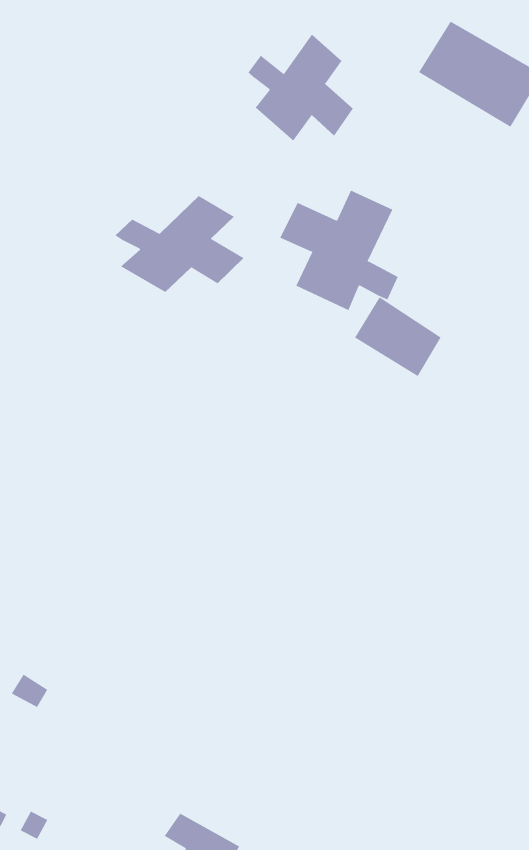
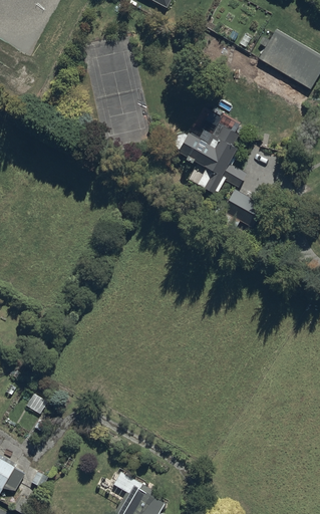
building: [248,34,353,142] -> none
building: [114,195,244,293] -> none

